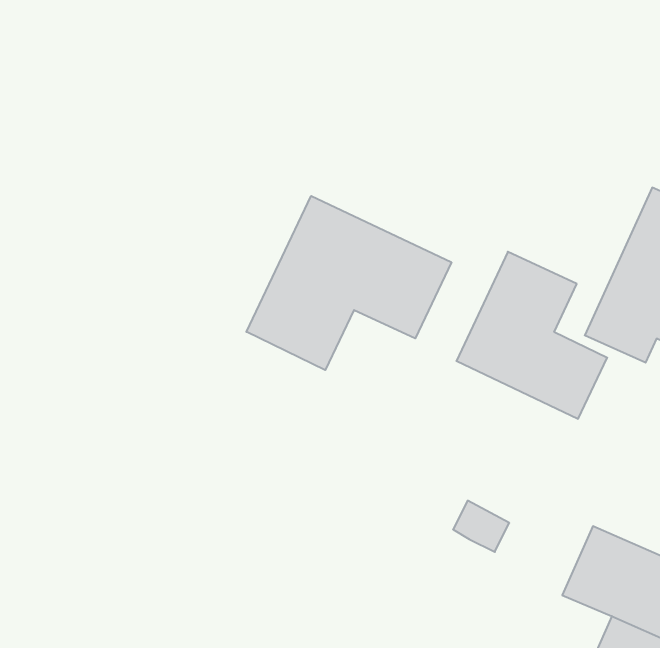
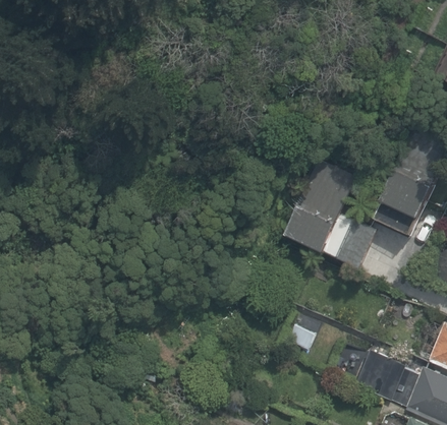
building: [246,196,451,370] -> none

